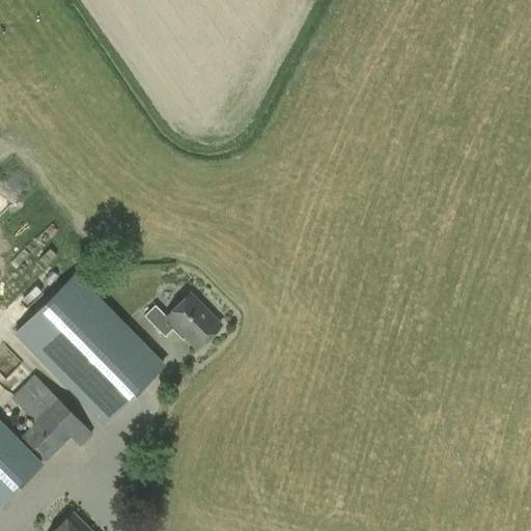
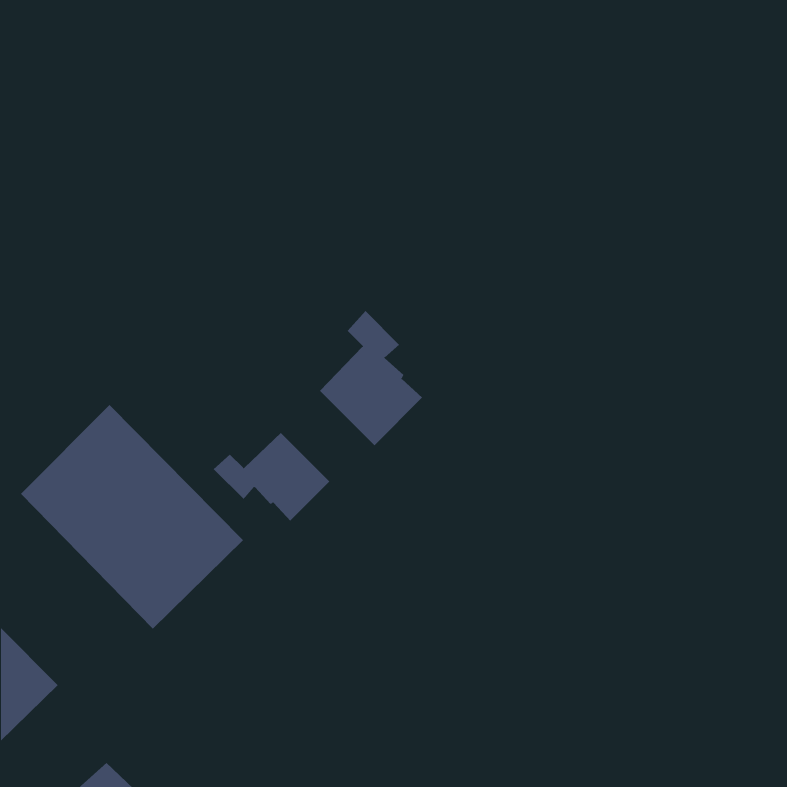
building: none -> [319,310,423,446]
building: [9,374,93,460] -> none

